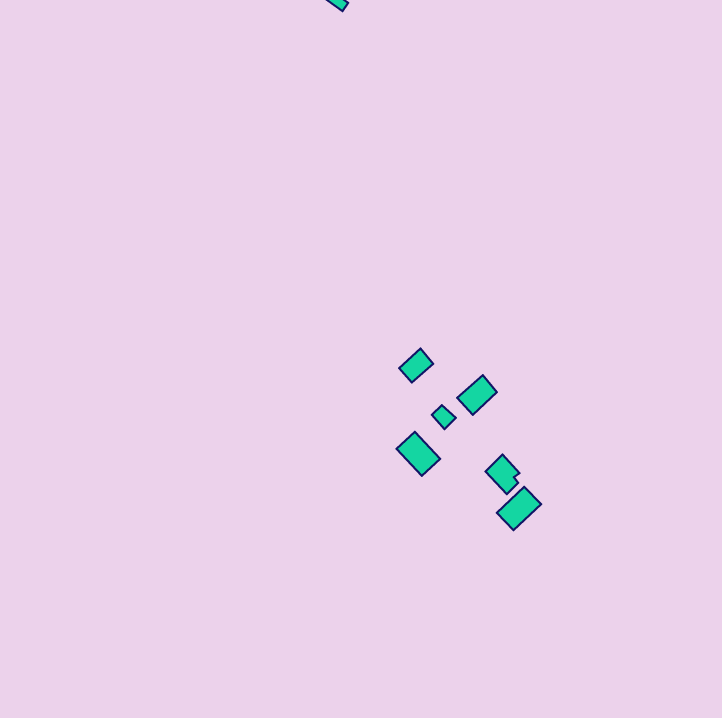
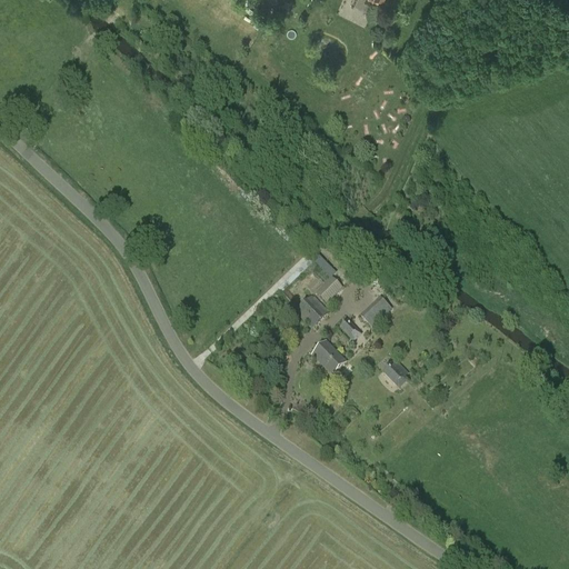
building: none -> [295,292,328,327]
building: [497,487,541,530] -> none

